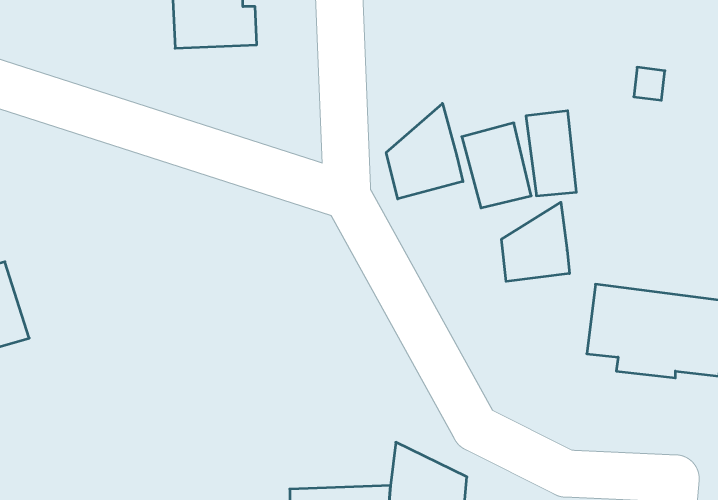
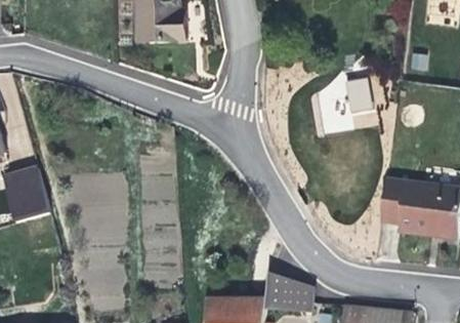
building: [386,103,463,199] -> none
building: [502,202,569,281] -> none

